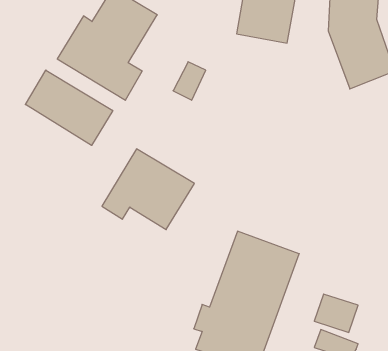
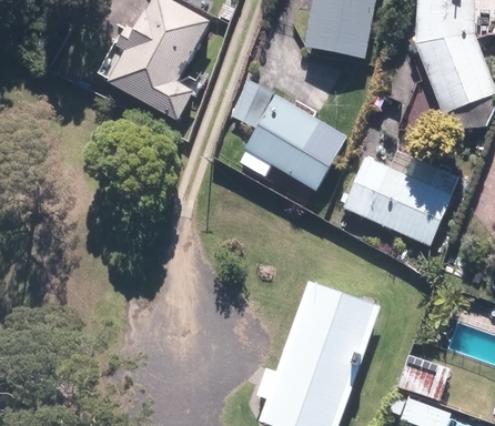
building: [25,70,113,145] -> none
building: none -> [343,146,462,246]
building: [102,149,194,230] -> [238,95,347,191]

